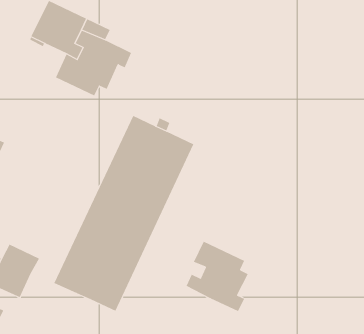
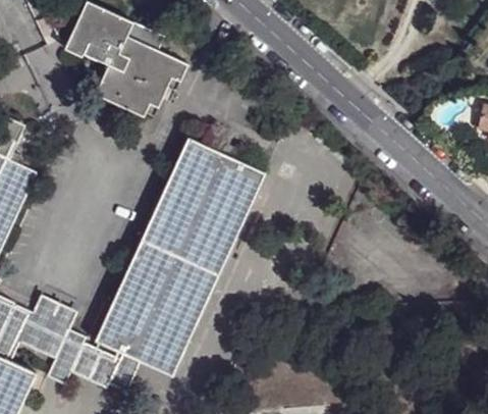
building: [186,241,249,312] -> none
building: none -> [47,329,139,391]

